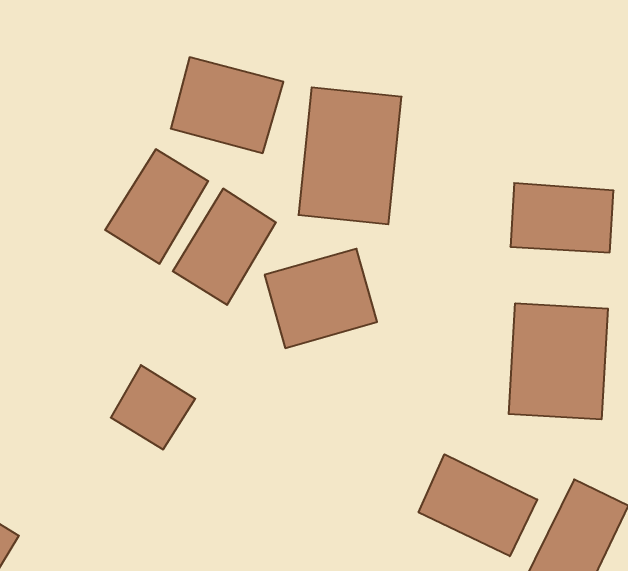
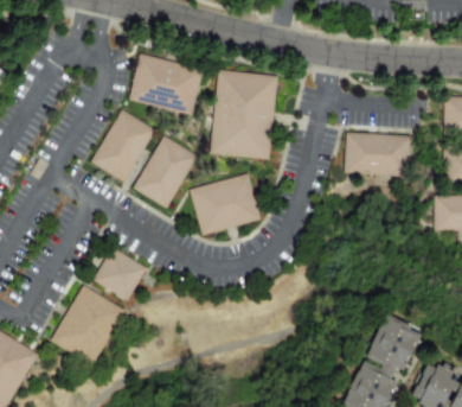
building: [509,303,608,419] -> none
building: none -> [50,286,123,365]
building: [419,454,537,556] -> none

